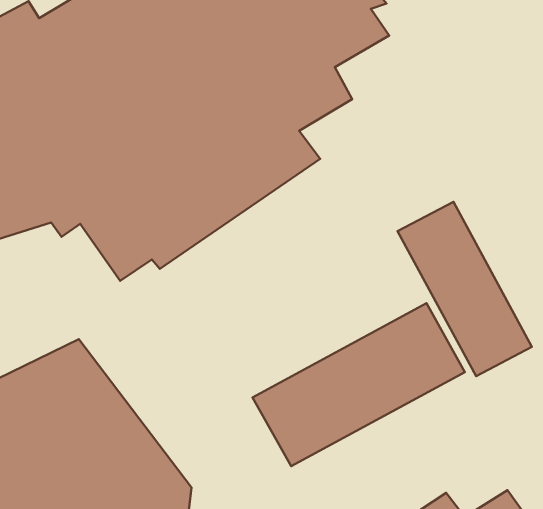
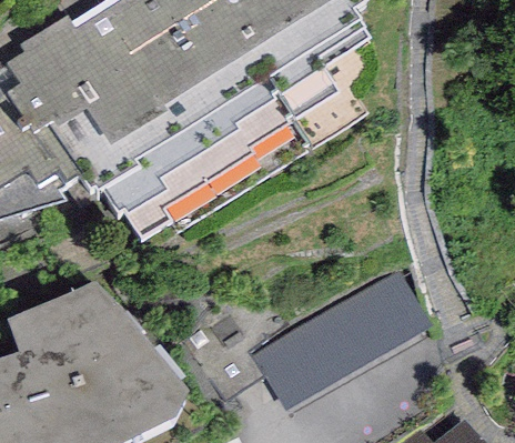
building: [398,202,532,376] -> none

